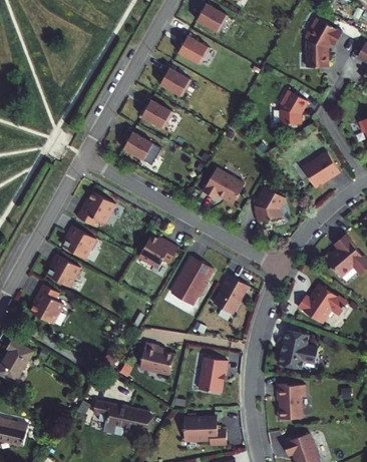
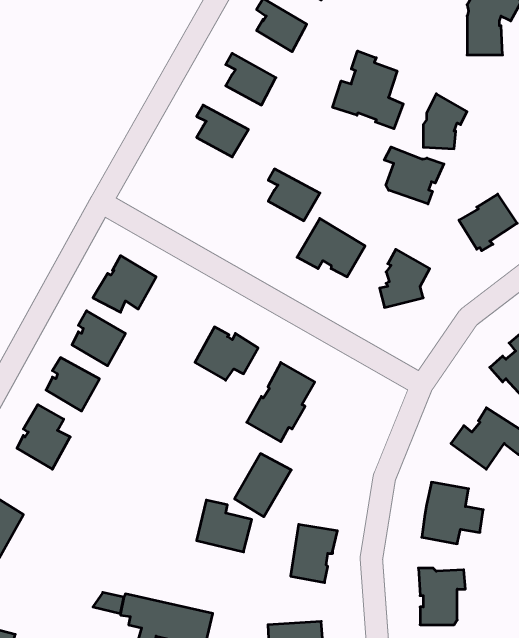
building: none -> [333,51,403,129]
building: none -> [384,147,444,204]
building: [121,129,153,161] -> [268,169,320,221]
building: [213,276,248,315] -> [235,454,291,517]

